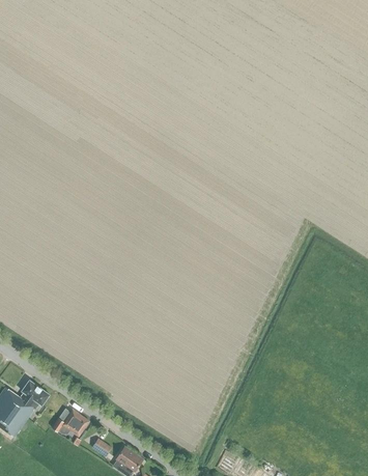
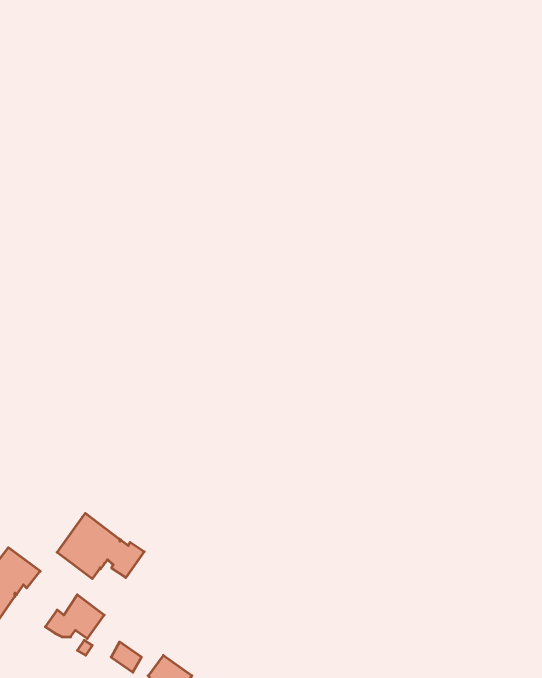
building: none -> [57,513,144,579]

